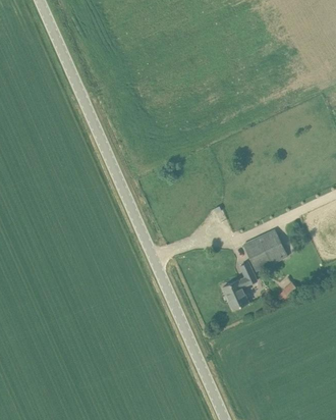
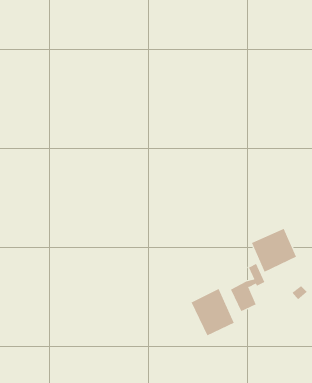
building: none -> [191,288,234,336]

